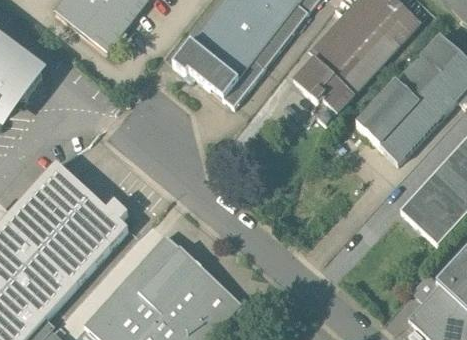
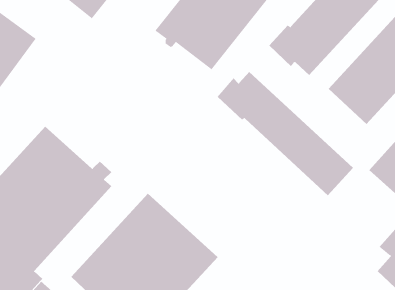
building: none -> [217,71,354,196]

